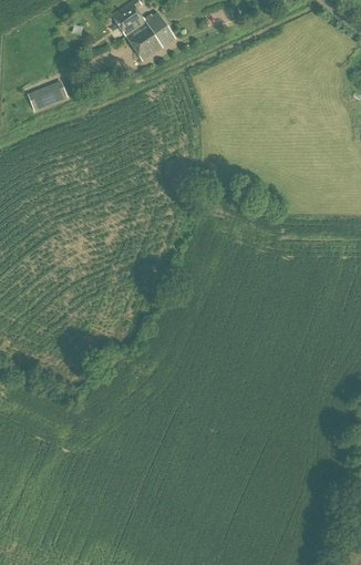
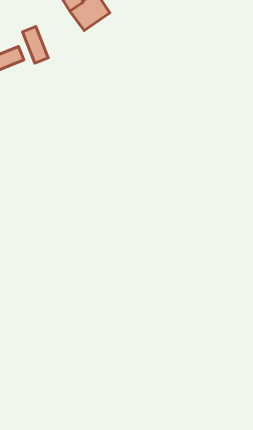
building: none -> [22,27,48,63]

